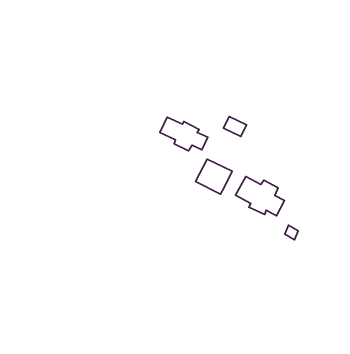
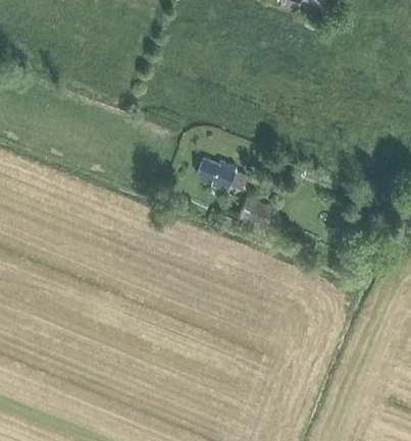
building: [236,176,285,216] -> none

